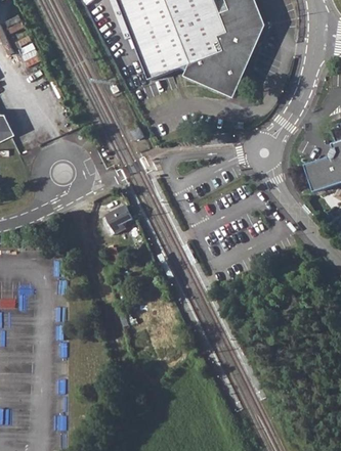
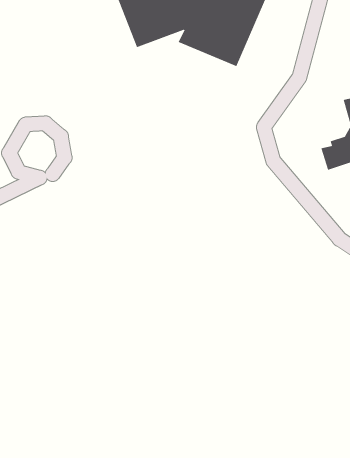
building: [101,206,129,232] -> none

